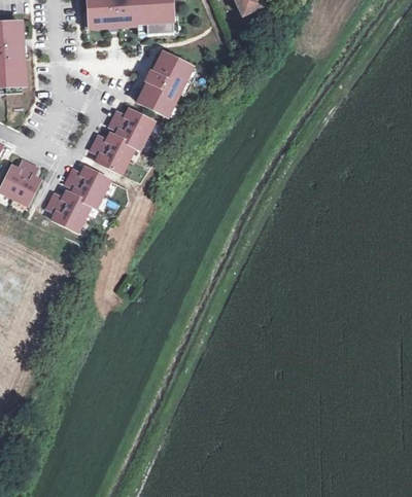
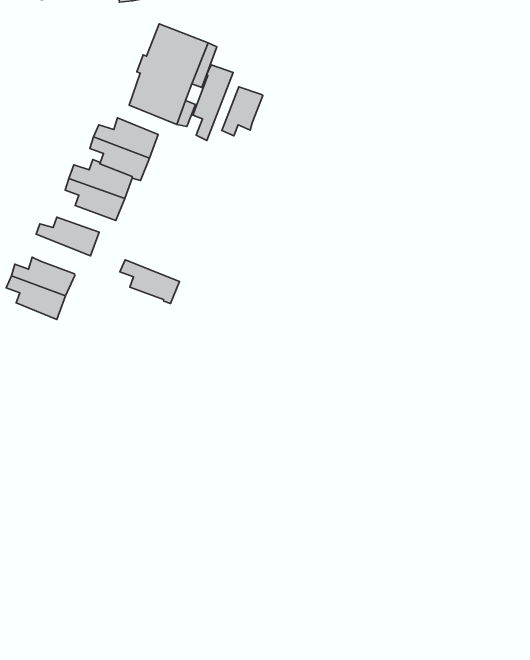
building: none -> [193,65,233,141]
building: none -> [222,87,263,136]
building: [65,175,102,206] -> [120,260,179,304]

